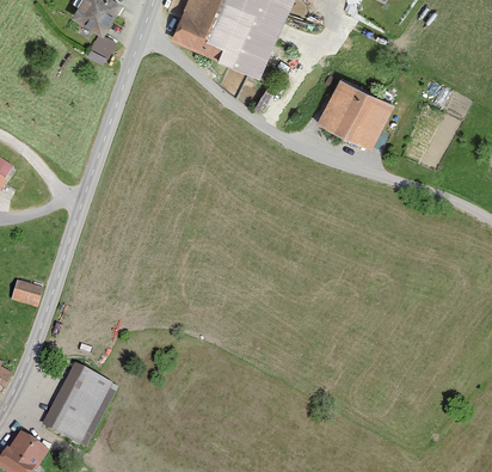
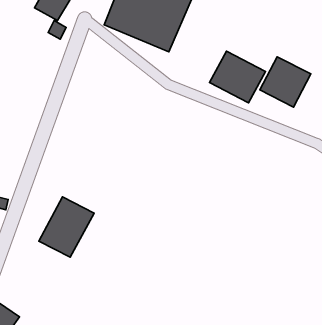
building: none -> [260,57,311,107]
building: [42,362,119,447] -> [39,197,94,257]

